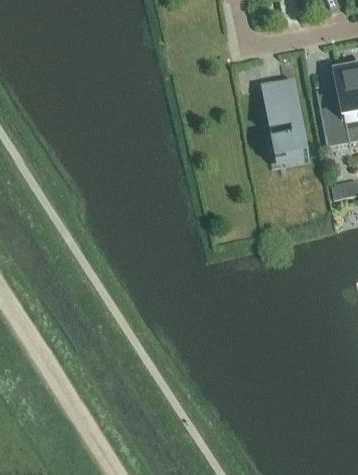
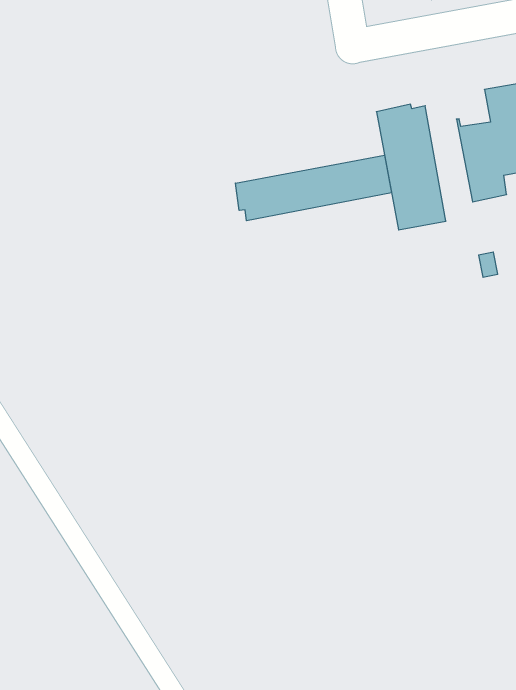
building: none -> [235,155,392,221]

